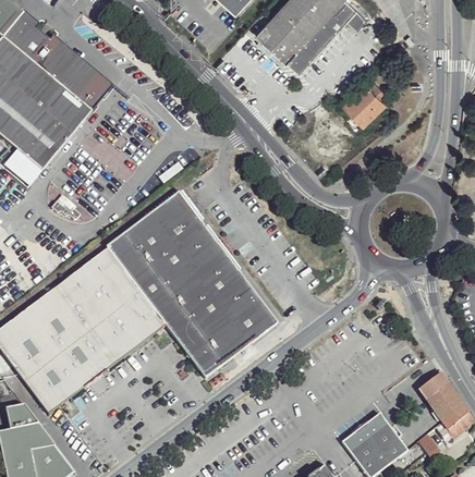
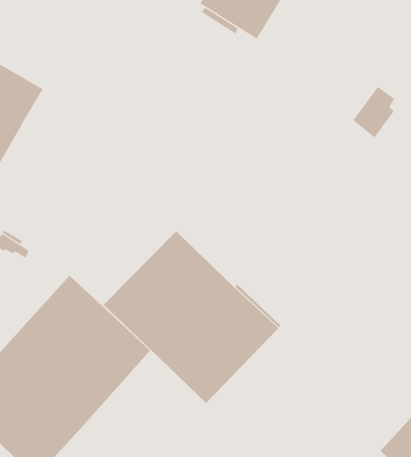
building: [348,82,387,125] -> [353,86,395,138]
building: [106,189,204,277] -> none

